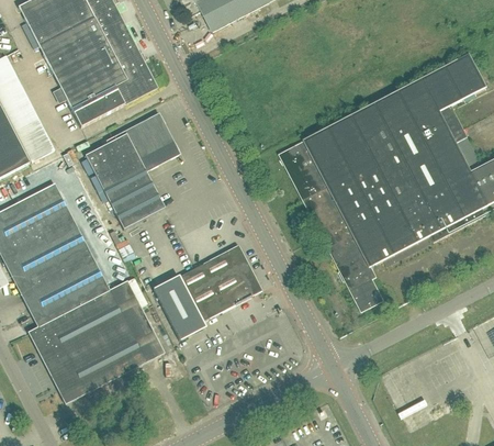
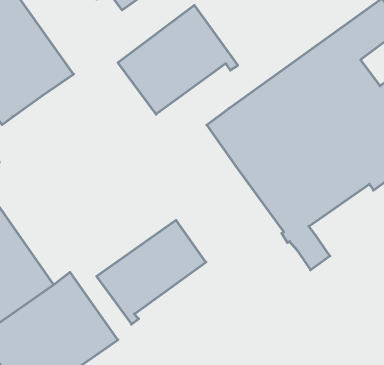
building: none -> [118,5,238,114]
building: [83,112,178,228] -> none

